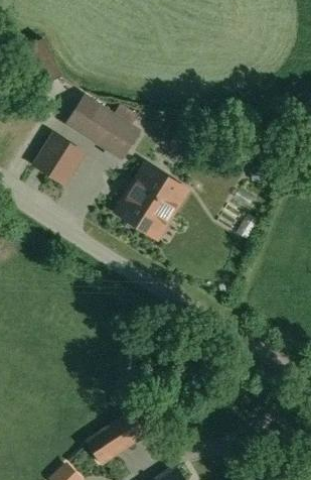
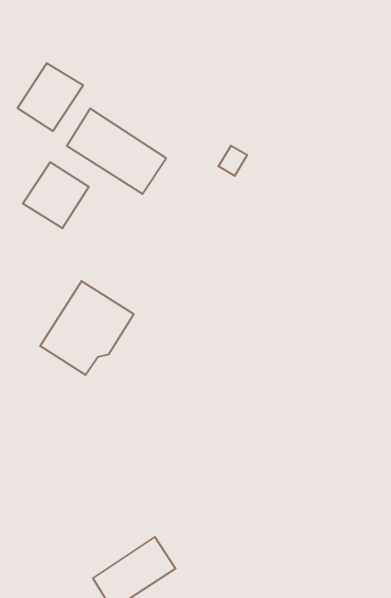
building: none -> [18,63,83,131]
building: [117,165,185,234] -> [40,281,134,375]

